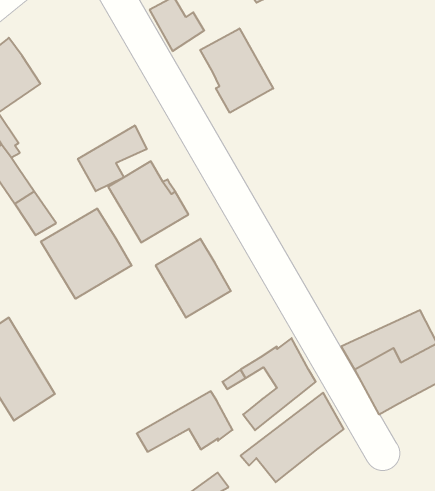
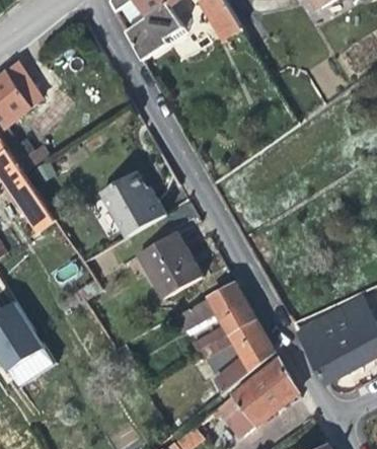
building: [200,28,273,113] -> none
building: [78,125,147,191] -> none
building: [41,208,132,299] -> none
building: [137,391,233,452] -> [171,284,251,334]

